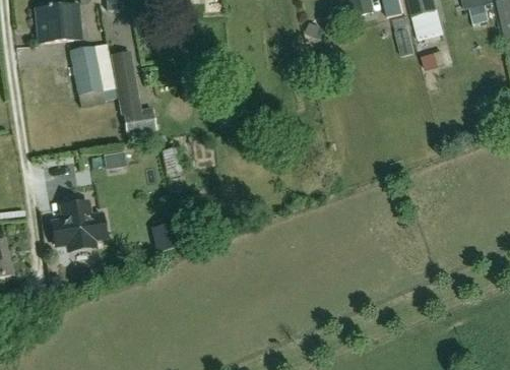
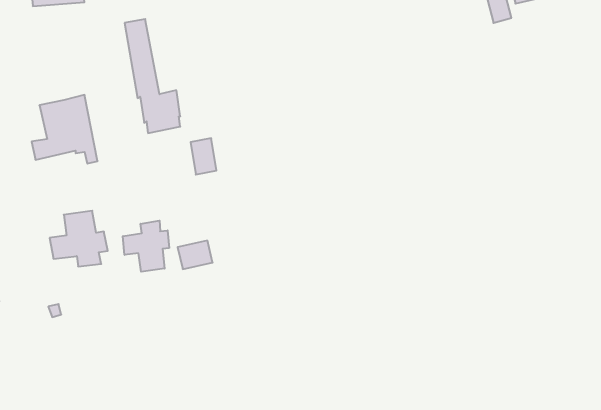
building: [65,43,117,97] -> [32,95,98,164]
building: none -> [123,221,169,272]

